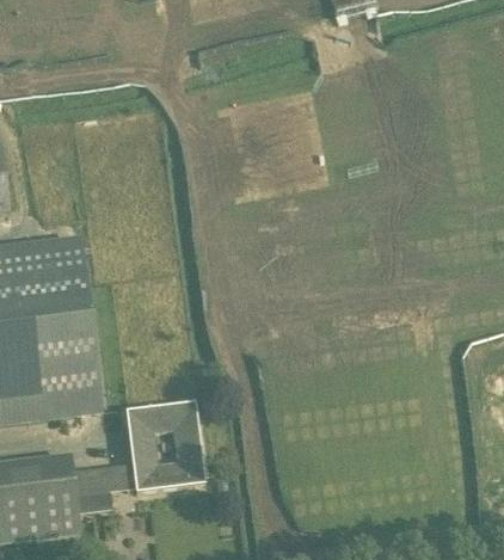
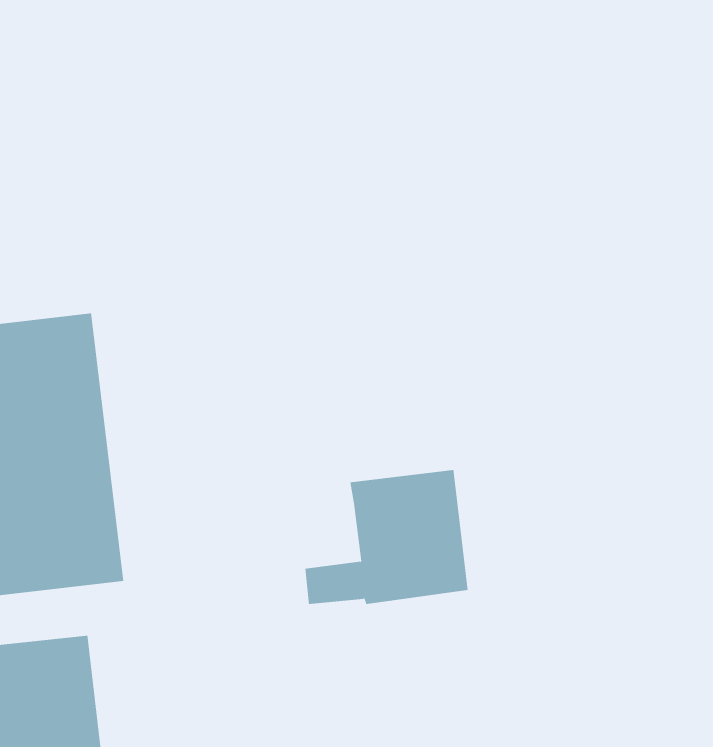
building: [94,401,203,491] -> [305,469,468,605]

